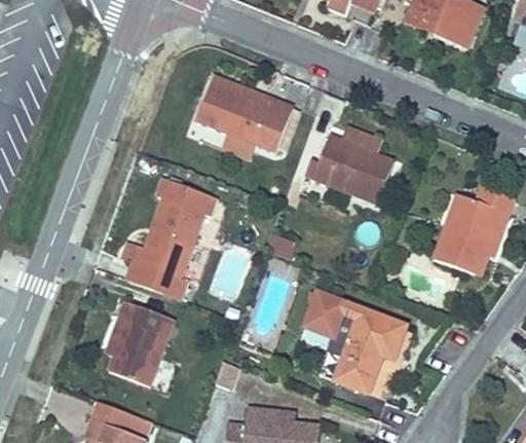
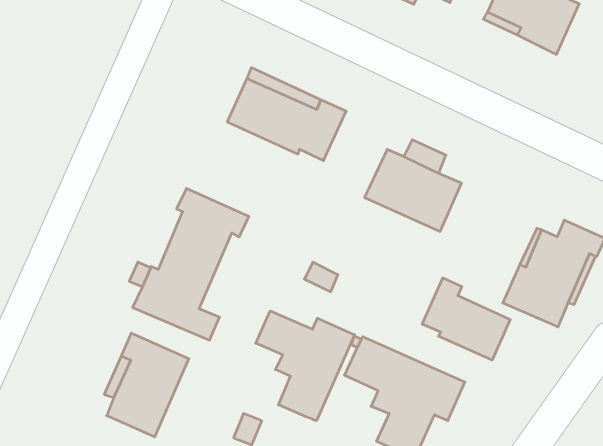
building: none -> [422,278,510,360]
building: none -> [256,311,355,421]

